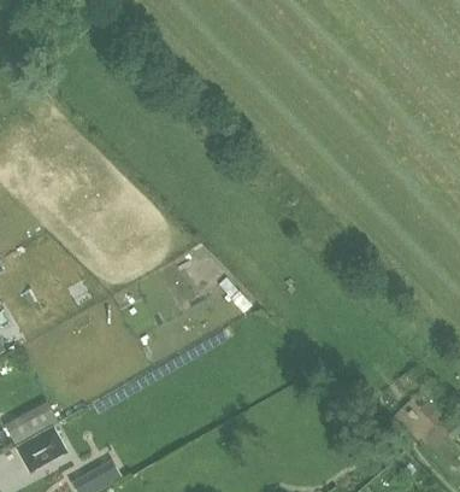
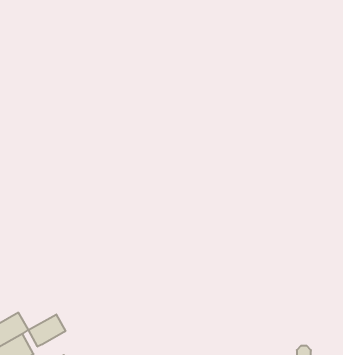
building: none -> [29,314,65,347]

